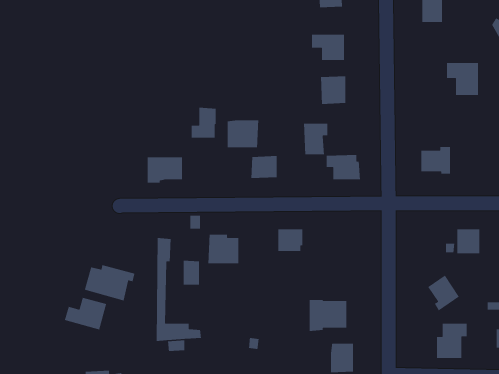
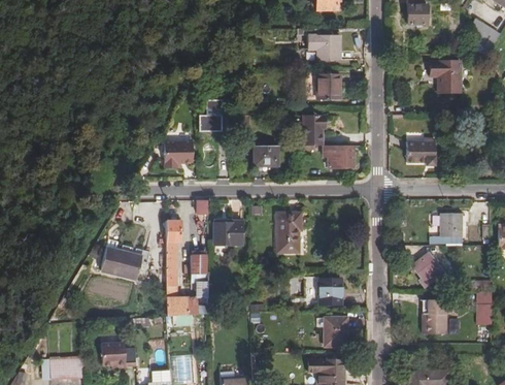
building: [227,120,259,148] -> none
building: none -> [277,234,299,252]
building: [64,297,107,330] -> none

